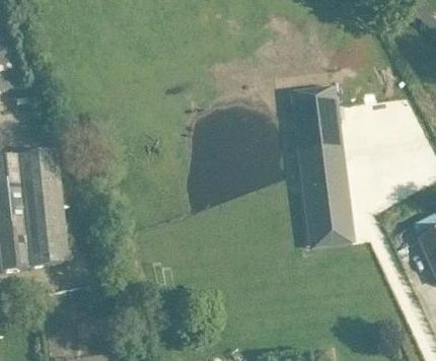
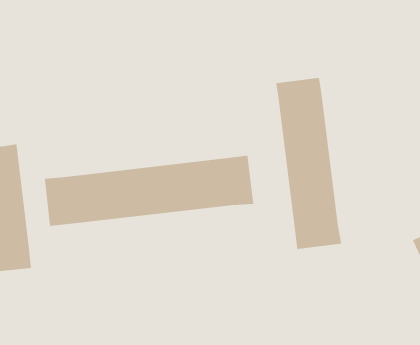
building: none -> [44,155,254,227]

